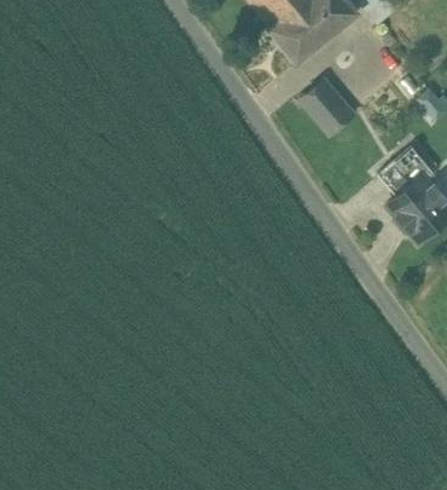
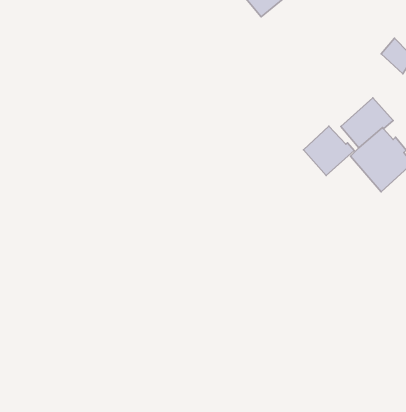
building: [302,79,354,133] -> none
building: none -> [303,126,354,175]

